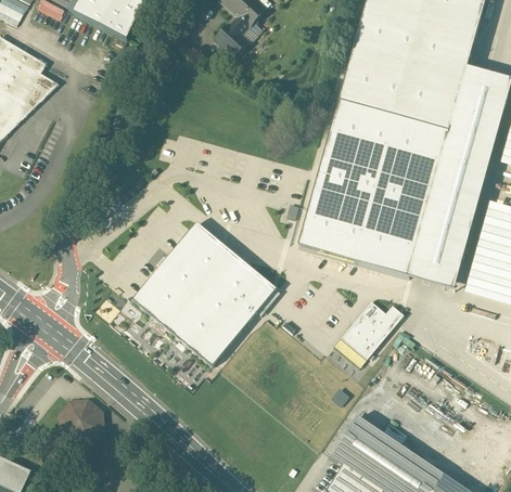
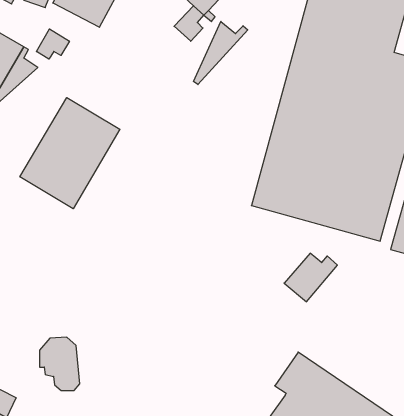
building: none -> [194,21,248,85]
building: none -> [36,29,69,59]
building: none -> [20,98,120,209]
building: [131,221,276,365] -> none

